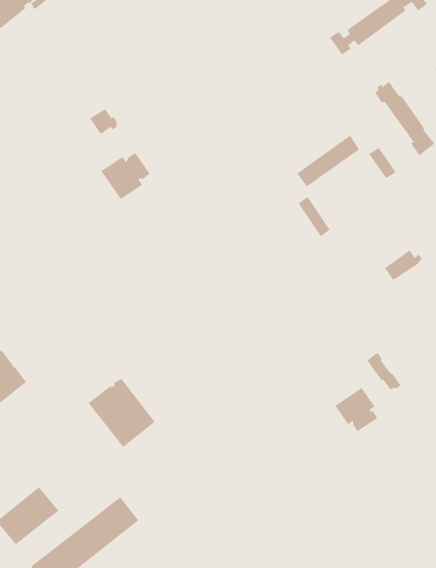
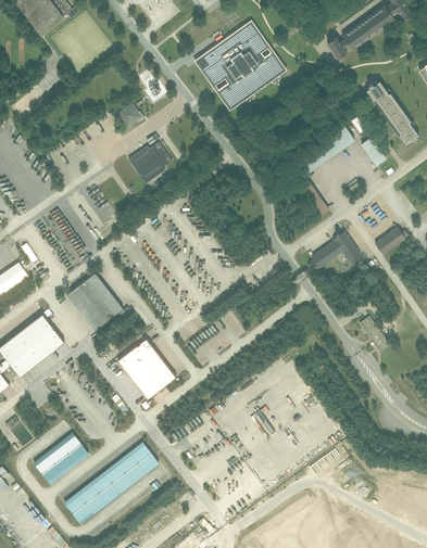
building: none -> [197,24,281,106]
building: none -> [311,231,360,270]
building: none -> [65,272,122,330]
building: [334,387,378,432] -> none

